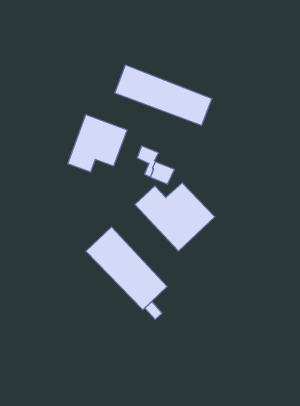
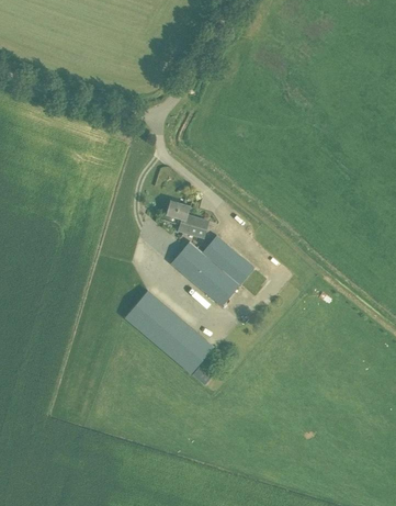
building: [115,65,212,126] -> none
building: [68,114,127,172] -> none

